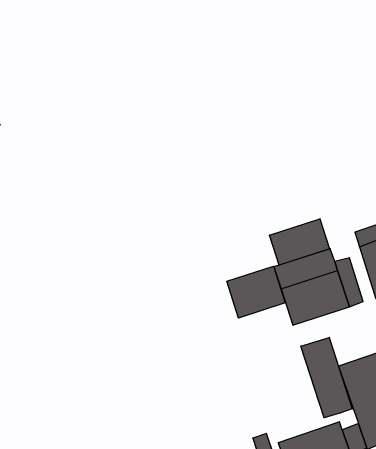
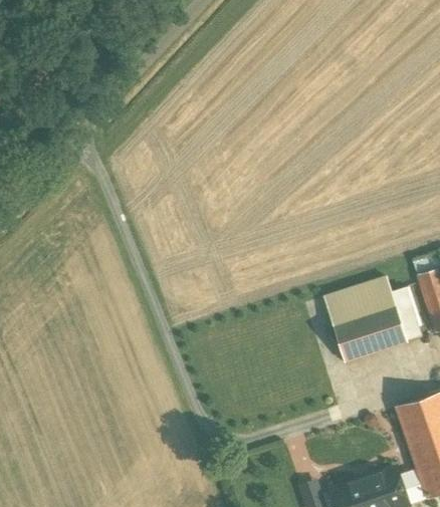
building: [269,219,330,265] -> none
building: [227,266,285,318] -> none
building: [301,337,352,418] -> none

